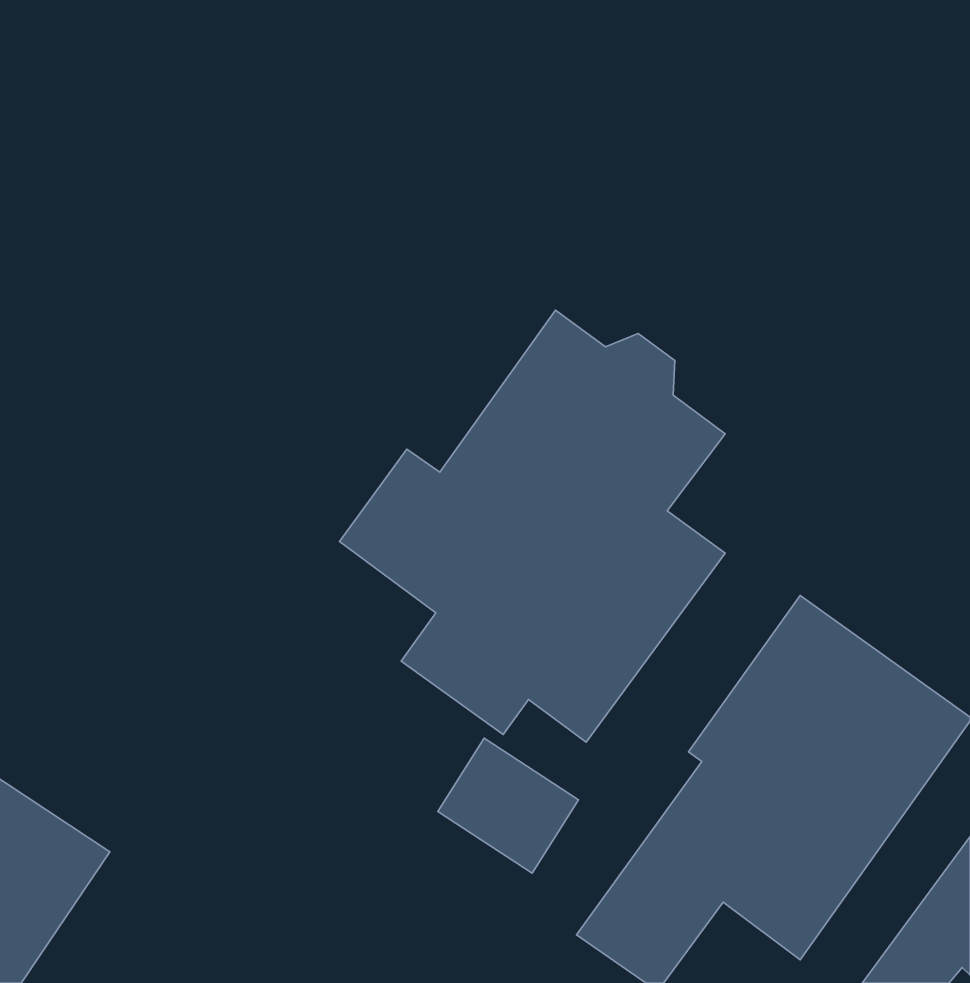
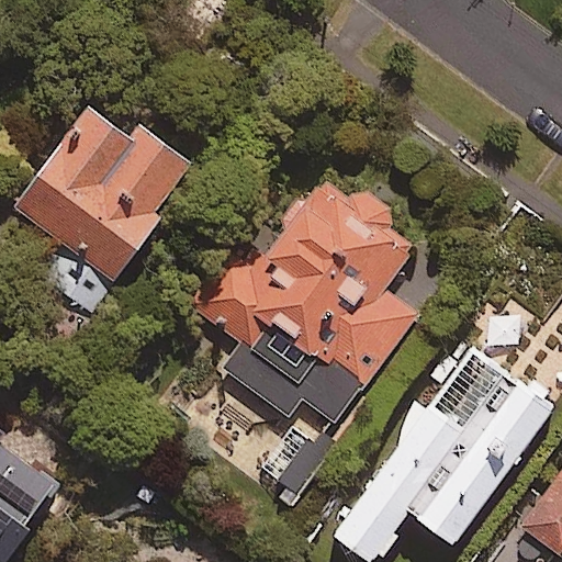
building: none -> [16,109,194,315]

